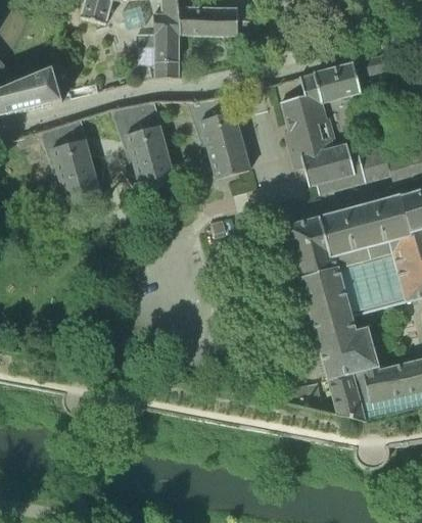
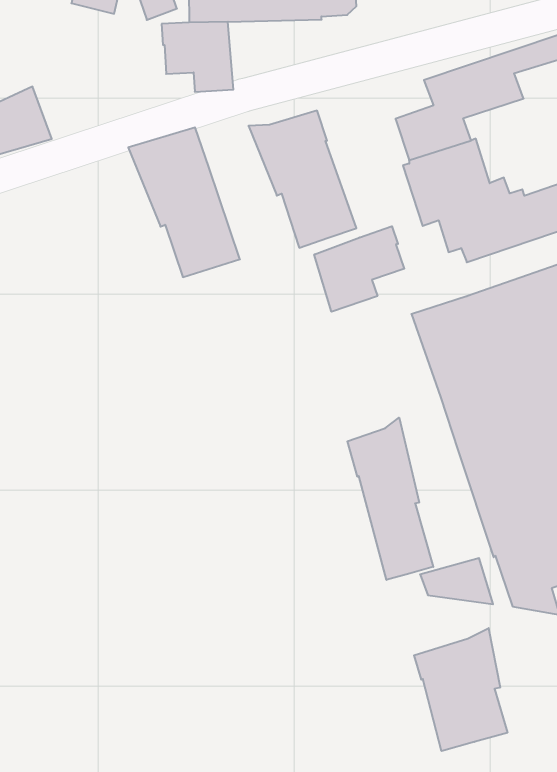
building: [40,118,103,207] -> none
building: none -> [314,226,404,312]
building: none -> [347,418,433,580]
building: none -> [414,628,507,751]

